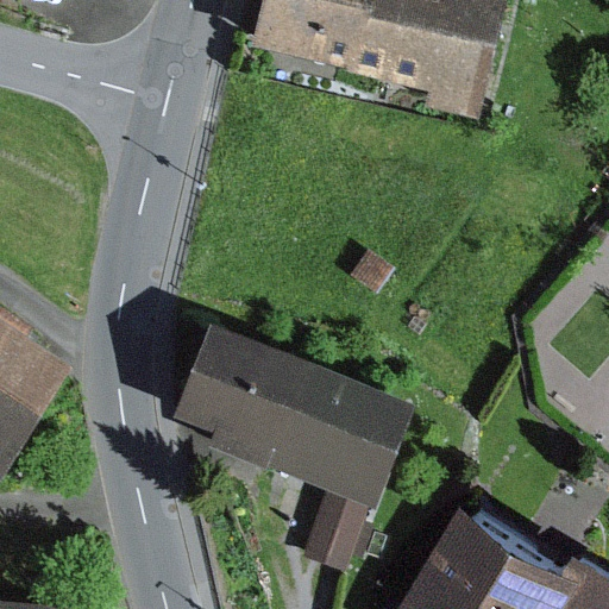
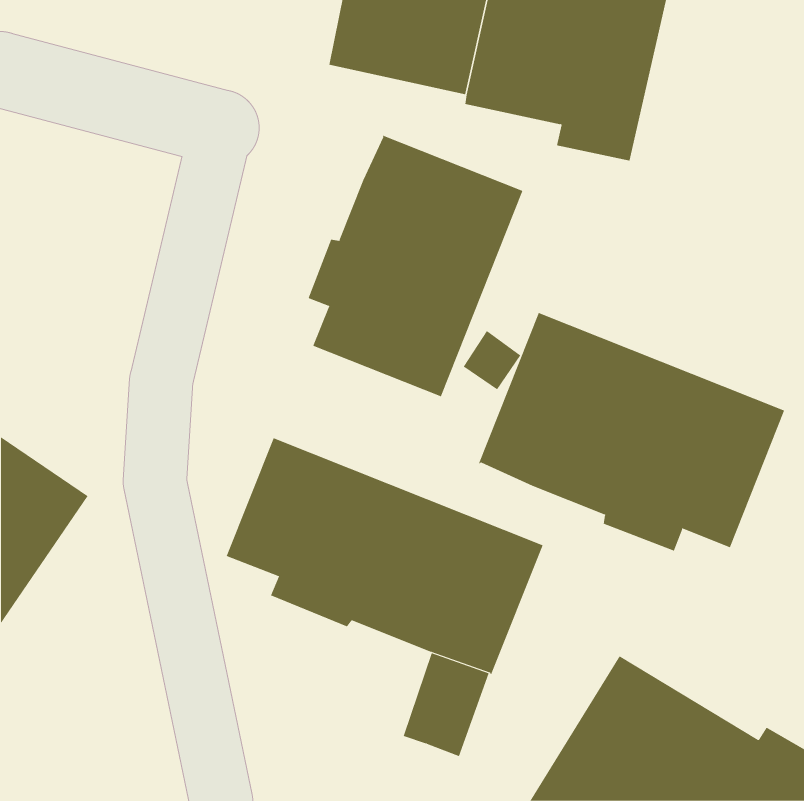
building: none -> [308,134,523,397]
building: none -> [478,312,785,551]

